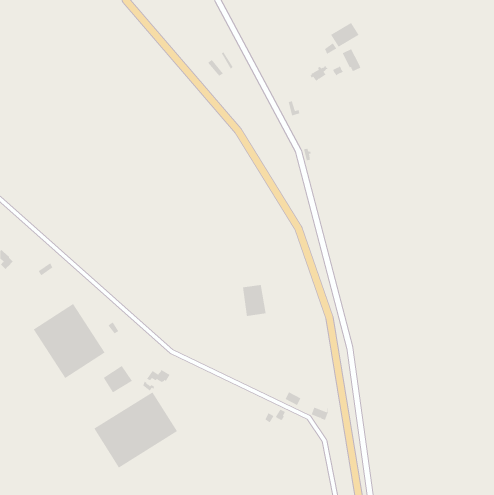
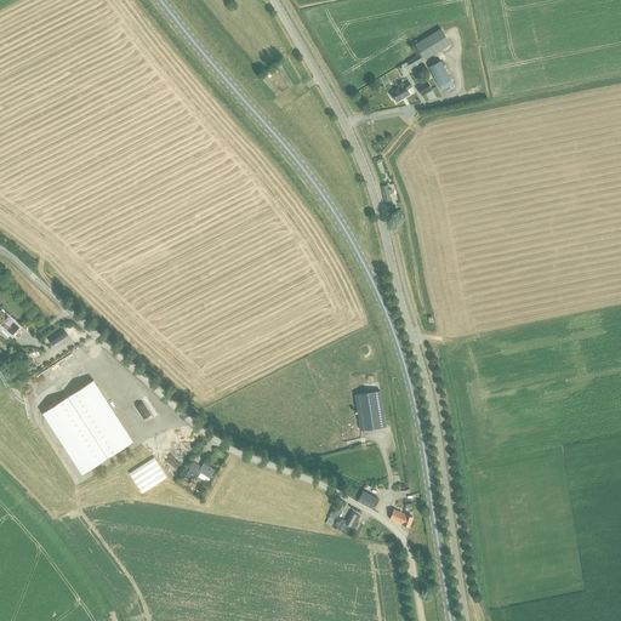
building: [242,284,266,316] -> [354,391,384,431]
building: [94,391,178,468] -> none

